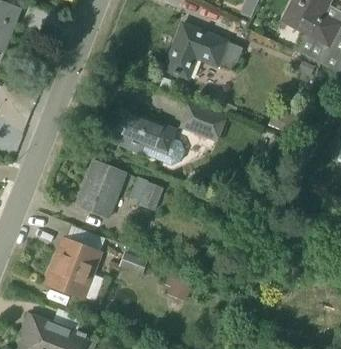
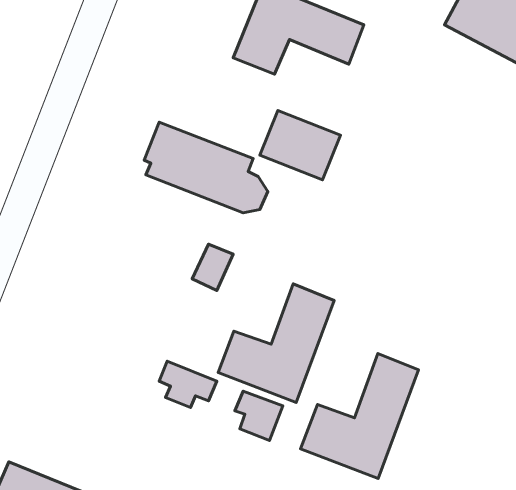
building: [76,160,128,220] -> none
building: none -> [218,284,334,402]
building: [45,237,104,299] -> none
building: none -> [301,353,419,478]

